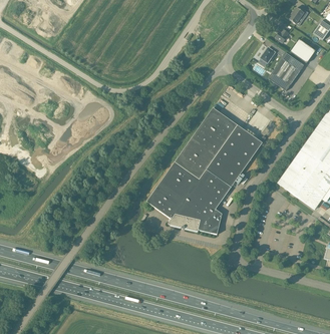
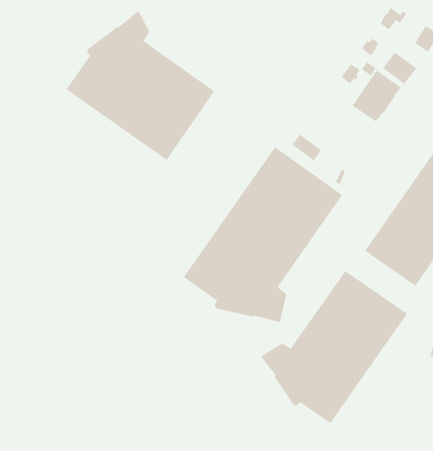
building: none -> [65,10,215,161]
building: none -> [260,270,408,424]

